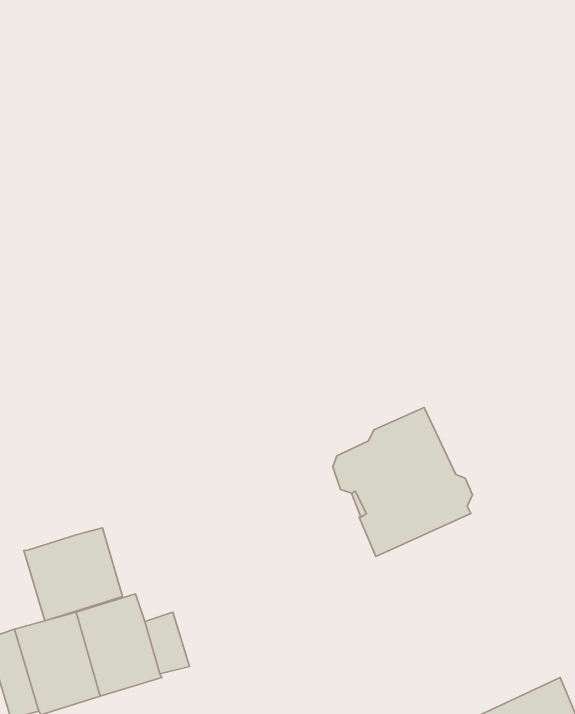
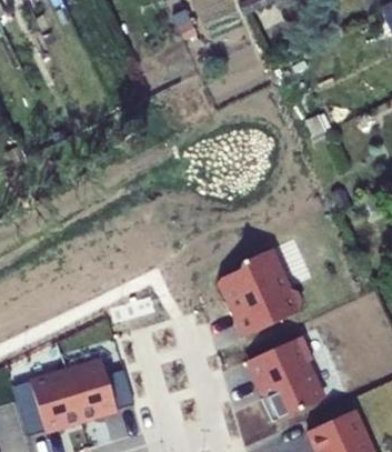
building: [24,528,122,621] -> none
building: none -> [247,335,322,422]

